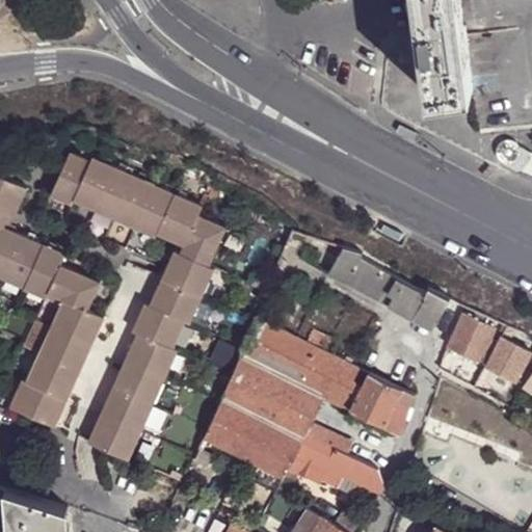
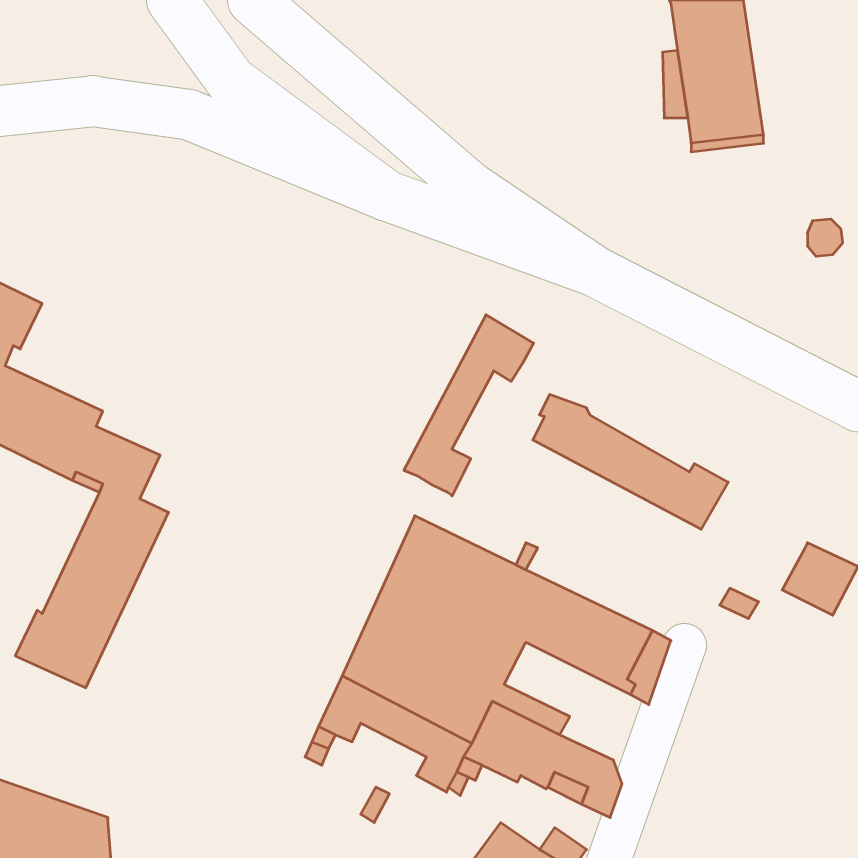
building: [49,153,224,459] -> none
building: none -> [404,315,534,496]
building: [446,312,496,366] -> none

